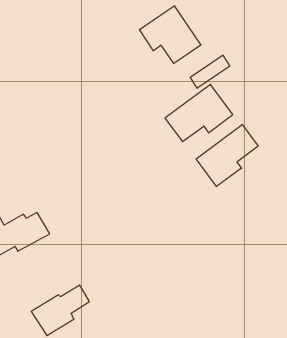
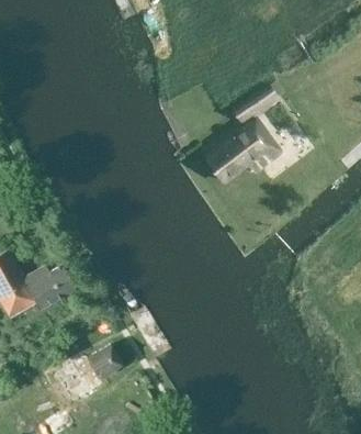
building: [140,6,201,63] -> none
building: [196,124,258,187] -> none

